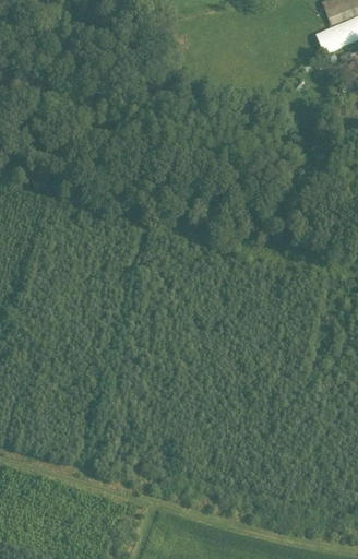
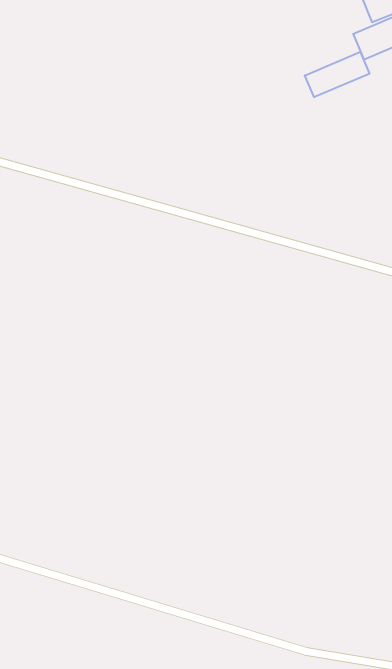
building: none -> [305,52,369,97]

